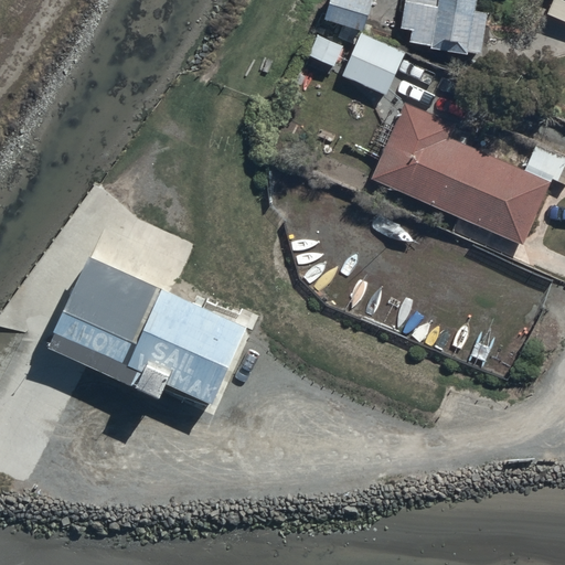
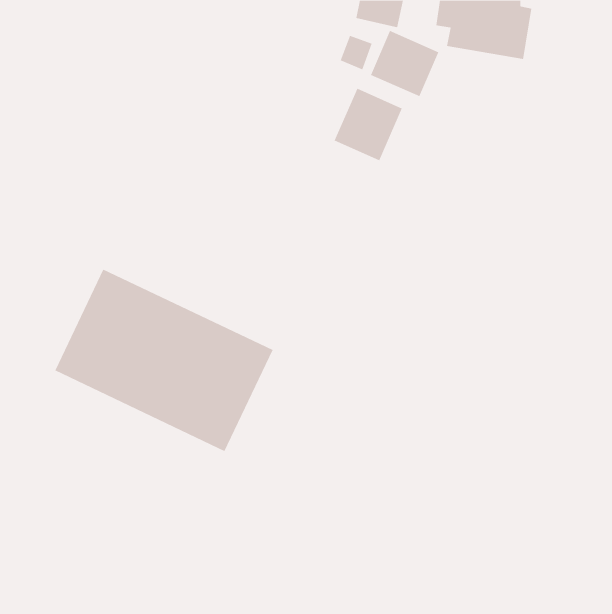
building: none -> [334,88,403,161]
building: [371,105,545,242] -> none

